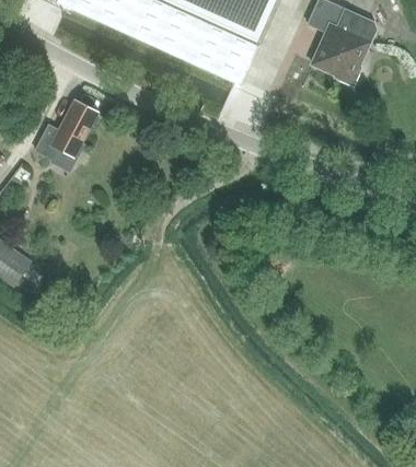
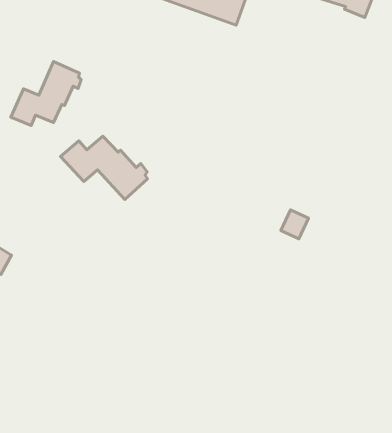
building: none -> [60,136,147,200]

